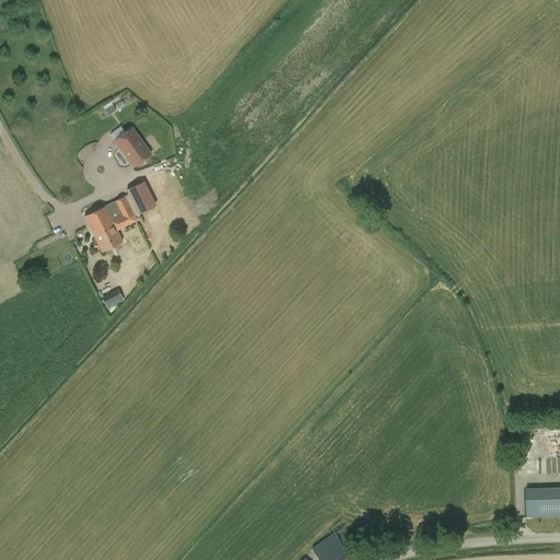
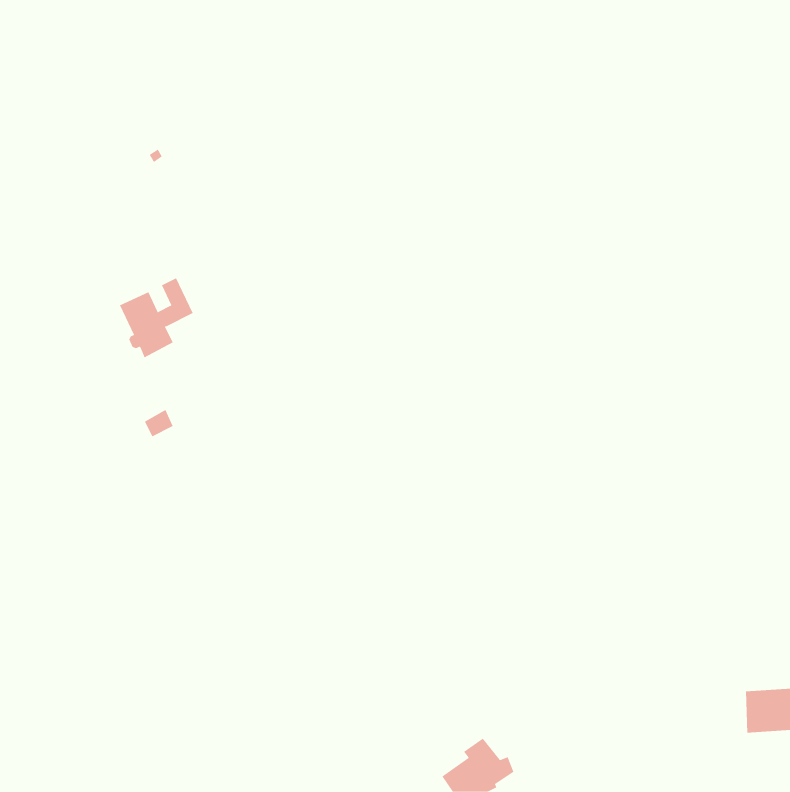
building: [110,125,148,164] -> none
building: [128,182,155,213] -> none

